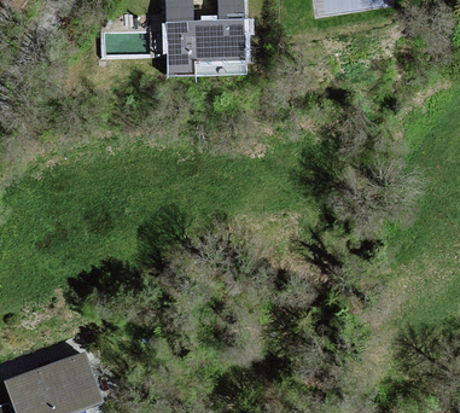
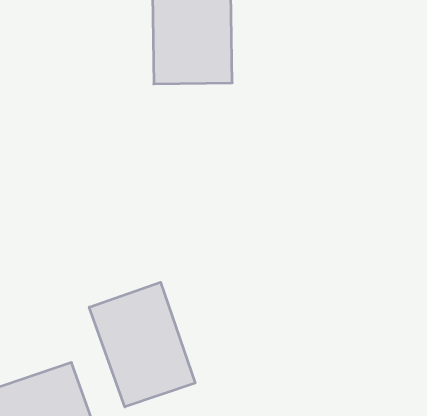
building: none -> [89,282,195,407]

